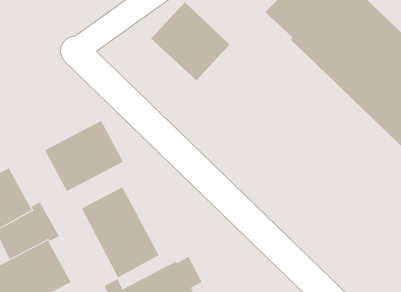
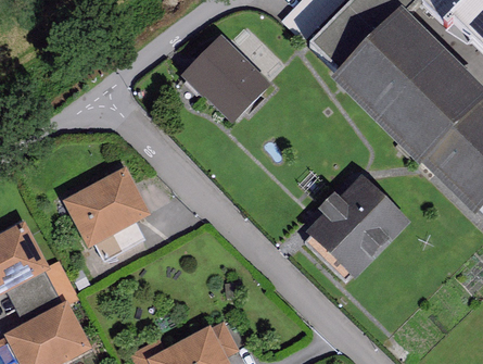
building: none -> [306,175,408,277]
building: [81,186,159,278] -> none

